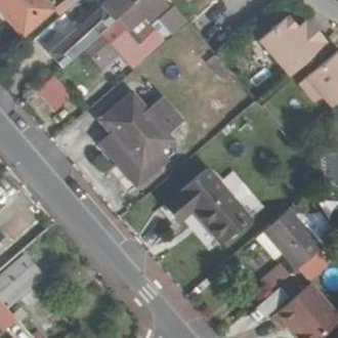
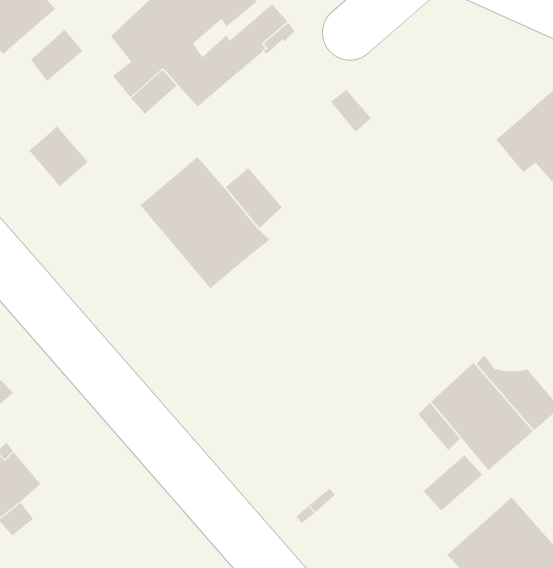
building: [260,14,328,75] -> none
building: [99,132,167,185] -> none
building: [163,167,250,243] -> none

